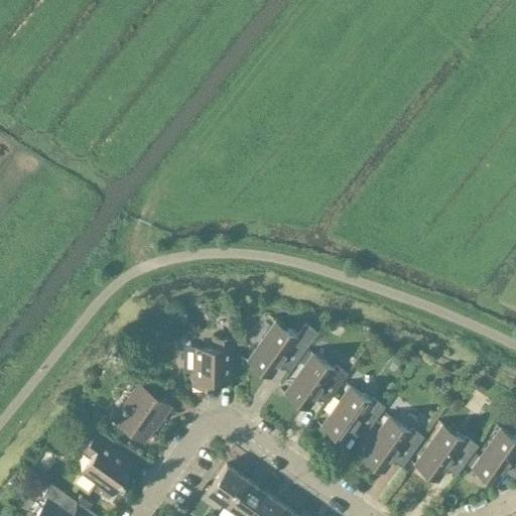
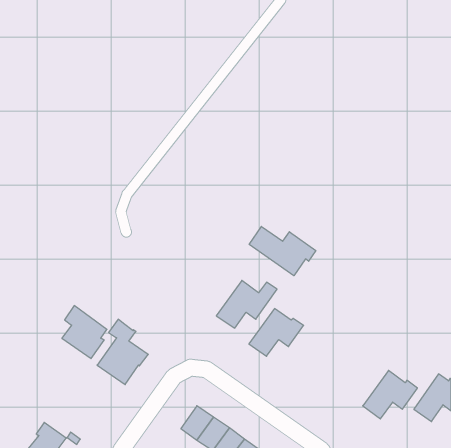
building: none -> [249,226,316,276]
building: [181,339,231,389] -> none
building: [321,388,384,443] -> none
building: [361,418,422,473] -> none
building: [79,436,130,497] -> [62,306,107,359]

